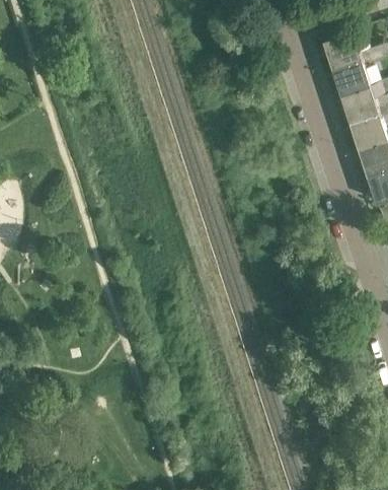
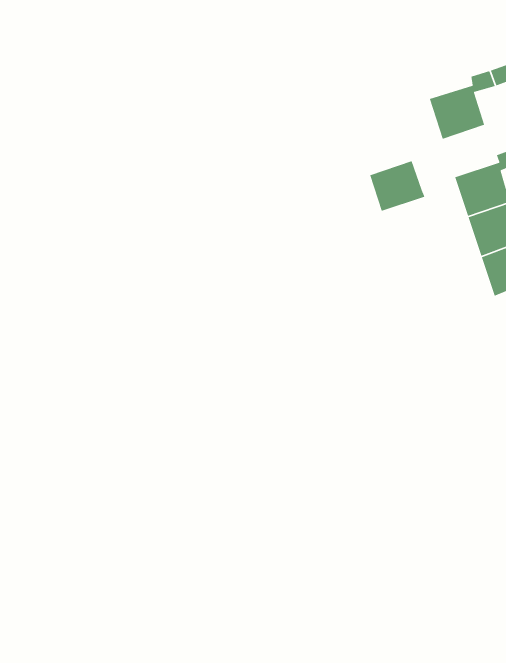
building: [322,30,361,68] -> none
building: [340,86,379,122] -> [369,160,426,212]

